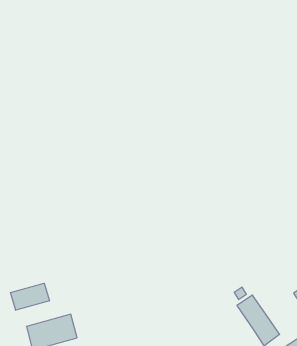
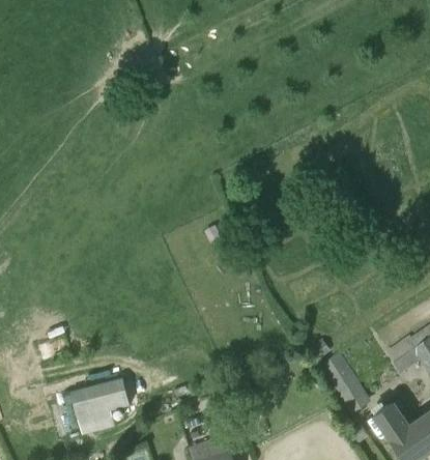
building: [11,283,49,310] -> none

